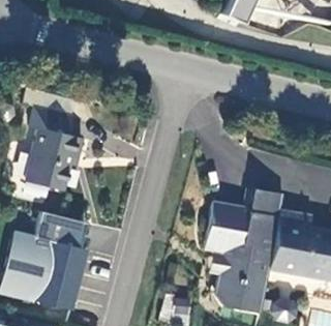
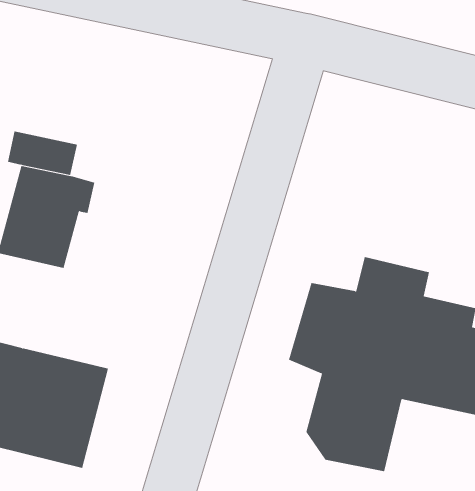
building: [37,211,87,247] -> none

